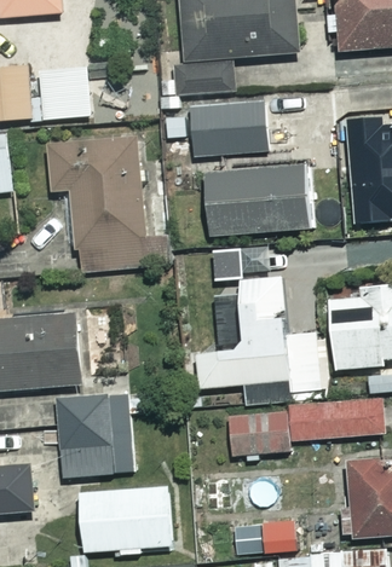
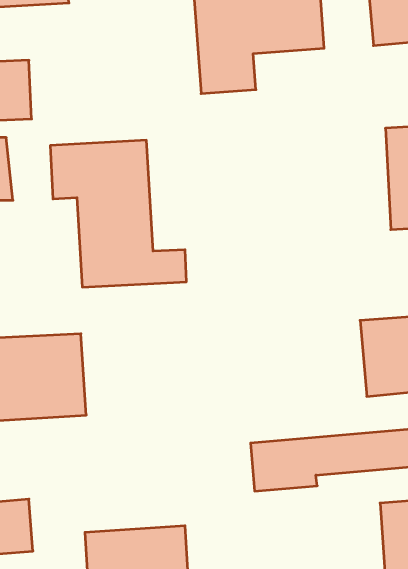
building: [40,68,91,120] -> none
building: [191,102,271,156] -> none
building: [203,164,306,237] -> none
building: [197,278,321,393] -> none
building: [56,397,132,476] -> none

